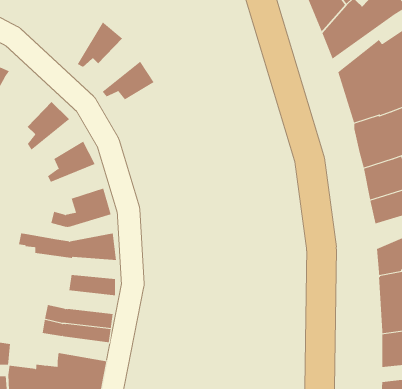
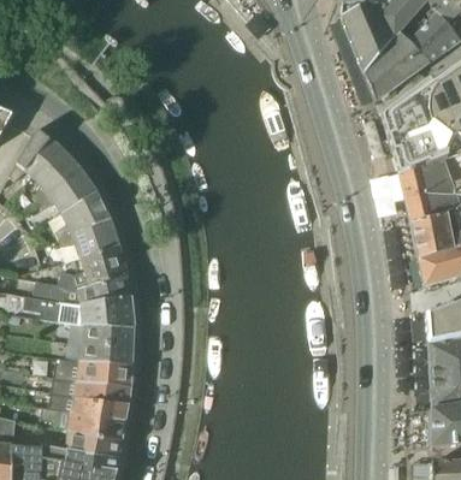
building: [77,21,123,67] -> [8,128,60,179]
building: [102,61,154,100] -> [37,167,96,212]
building: none -> [59,218,119,256]
building: none -> [32,274,130,304]
building: none -> [82,322,134,346]
building: none -> [55,357,132,386]
building: none -> [40,407,125,439]

